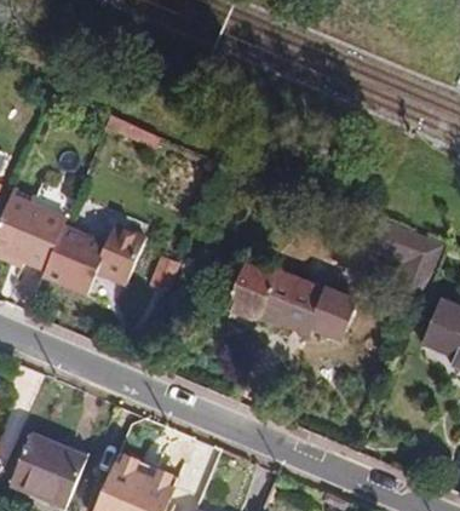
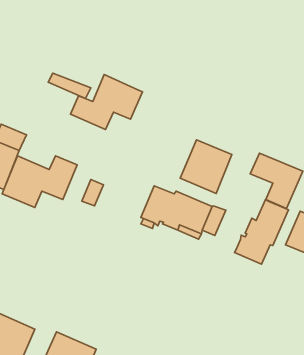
building: none -> [71,75,142,129]
building: none -> [180,140,232,194]
building: none -> [234,199,288,264]

